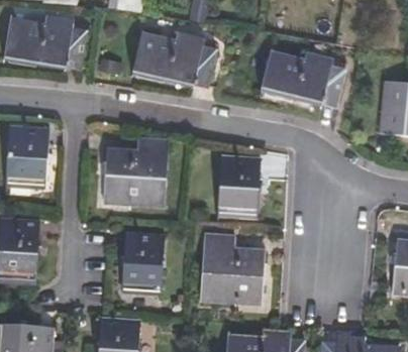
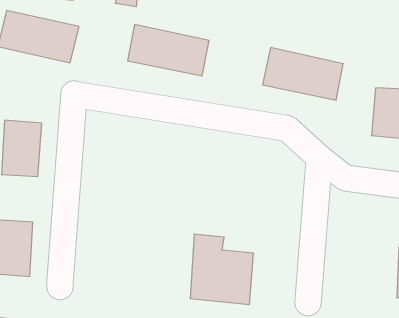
building: [101,141,165,208] -> none
building: [218,162,260,218] -> none
building: [125,233,166,290] -> none

